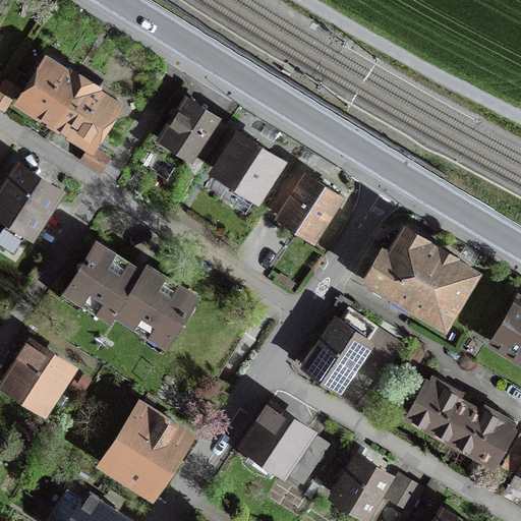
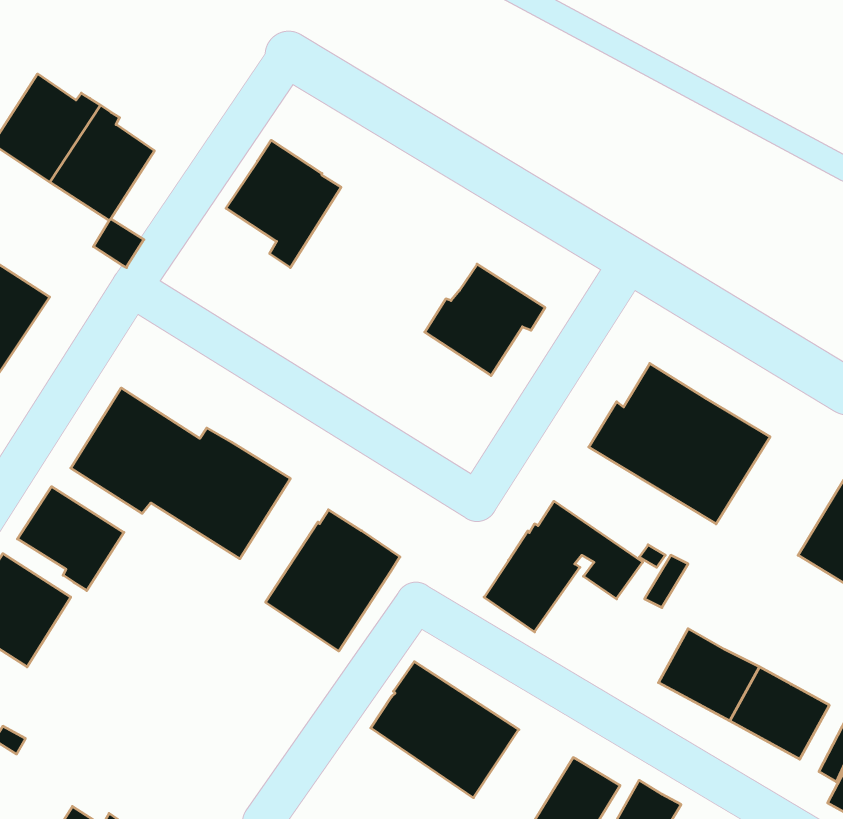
building: [216,136,280,198] -> none
building: none -> [17,487,124,591]
building: [109,407,187,489] -> [266,510,400,651]

